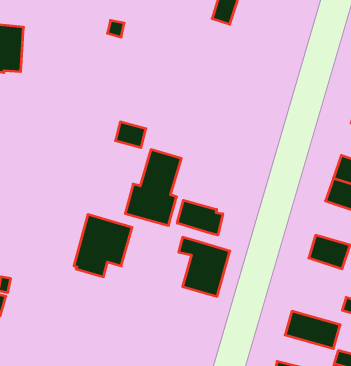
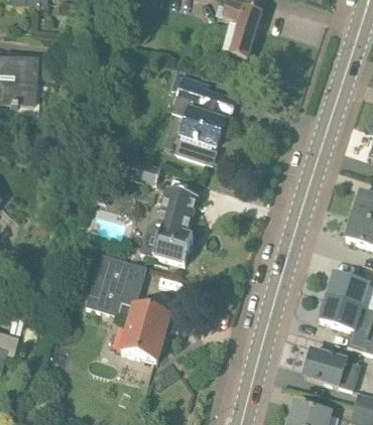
building: none -> [169,75,235,161]
building: [177,200,223,235] -> none
building: [179,237,230,296] -> [118,300,170,361]
building: none -> [321,296,362,330]

